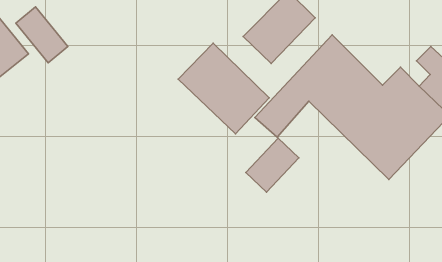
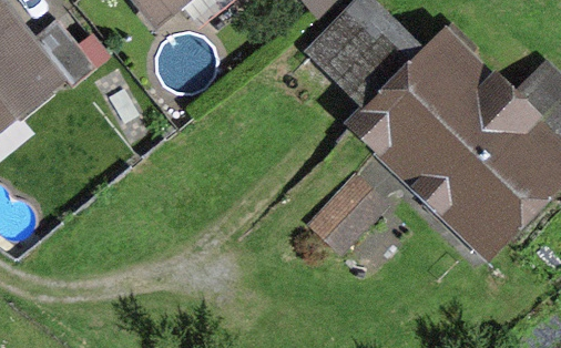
building: [178,43,269,134] -> none

